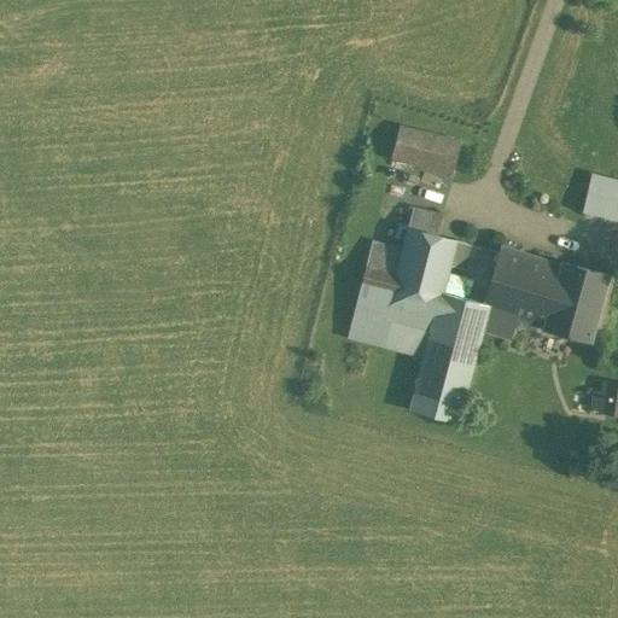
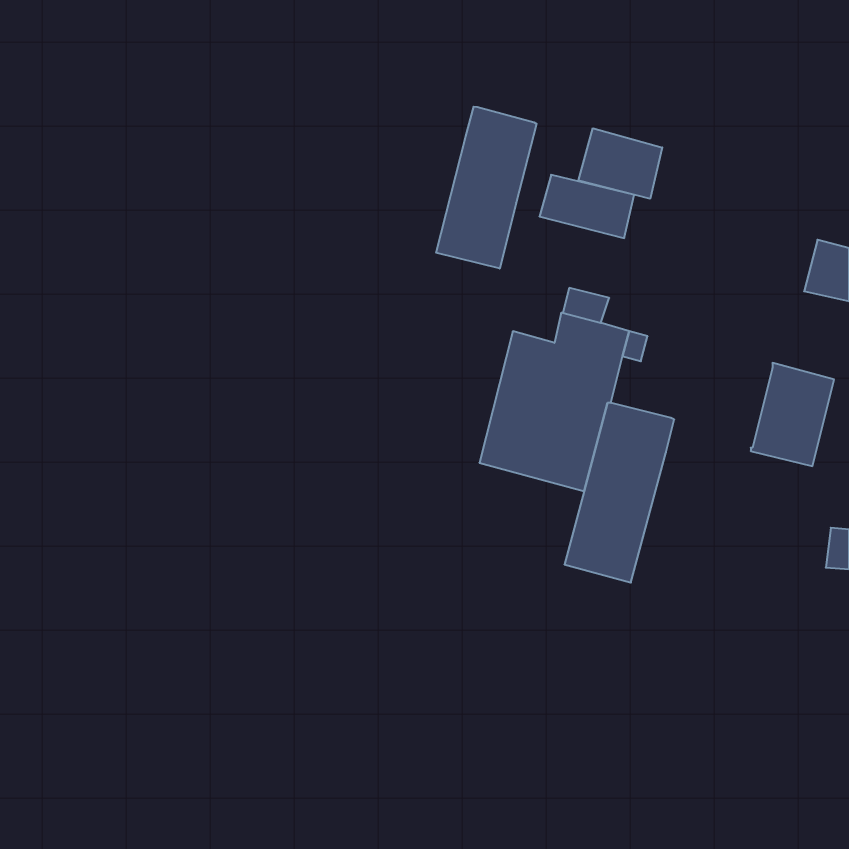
building: none -> [436,107,537,269]
building: none -> [579,128,662,199]
building: [483,250,560,337] -> none

